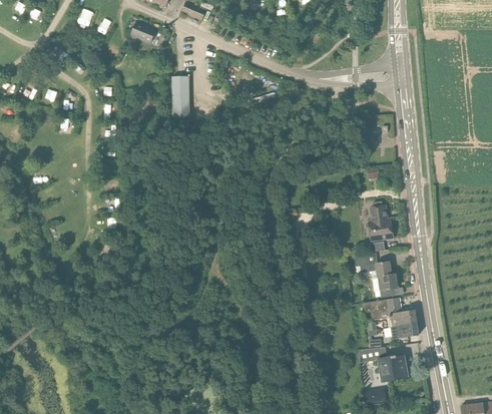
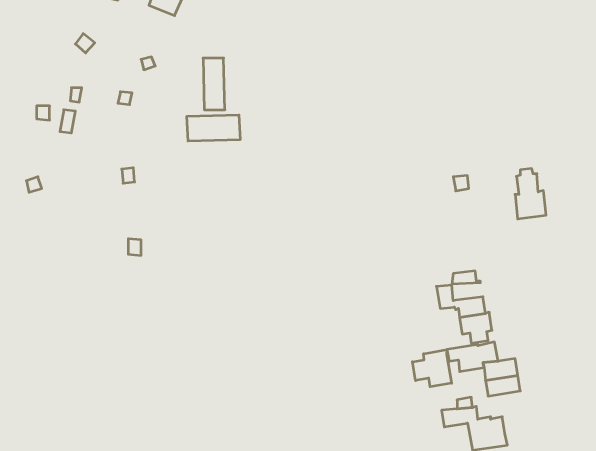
building: none -> [187,115,240,141]
building: [368,201,392,241] -> [515,169,546,219]
building: none -> [412,350,452,387]

